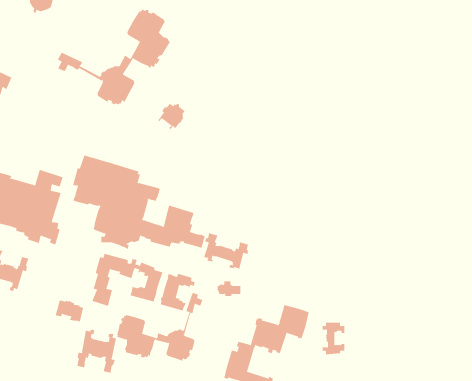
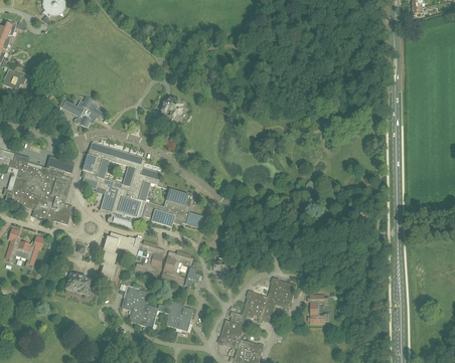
building: [57,8,170,105] -> none
building: none -> [61,96,101,127]
building: [203,232,249,270] -> none
building: [77,329,117,373] -> none

